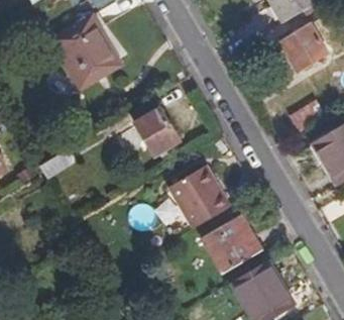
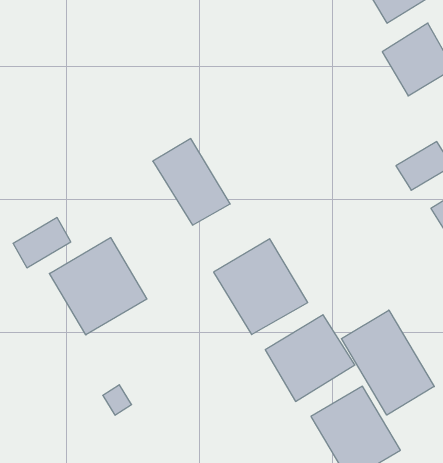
building: [47,14,121,90] -> none
building: none -> [49,238,147,335]
building: none -> [341,310,434,415]

